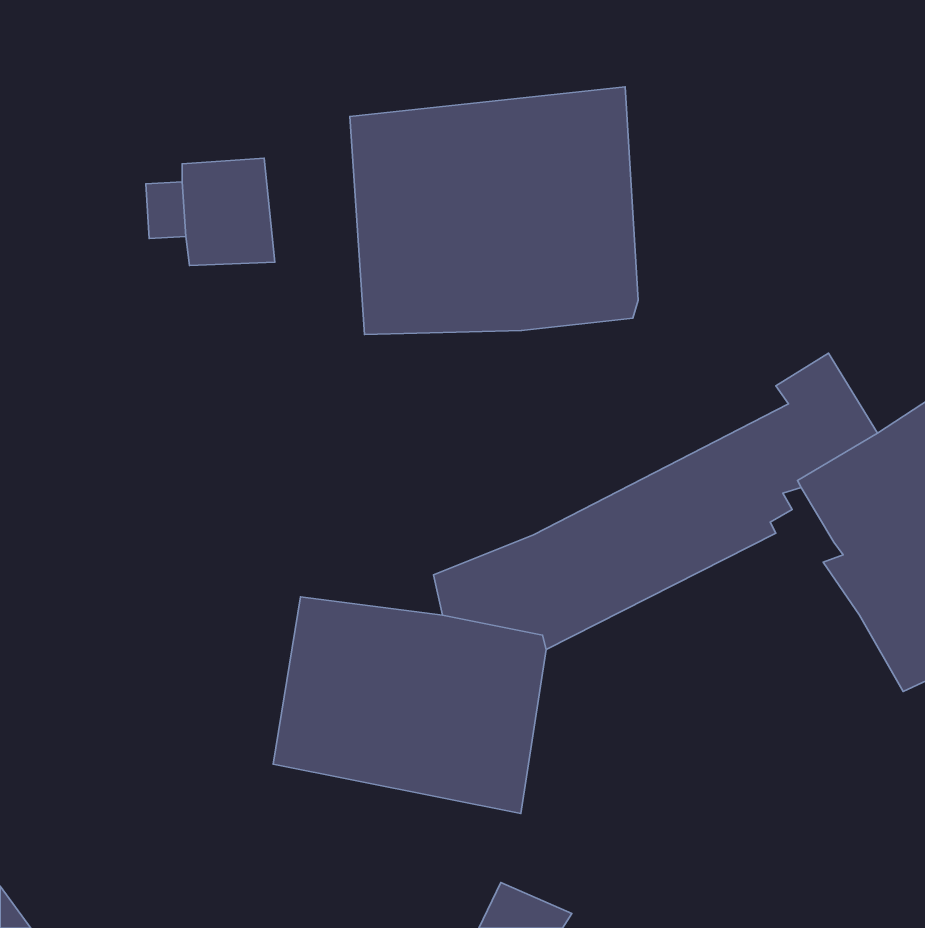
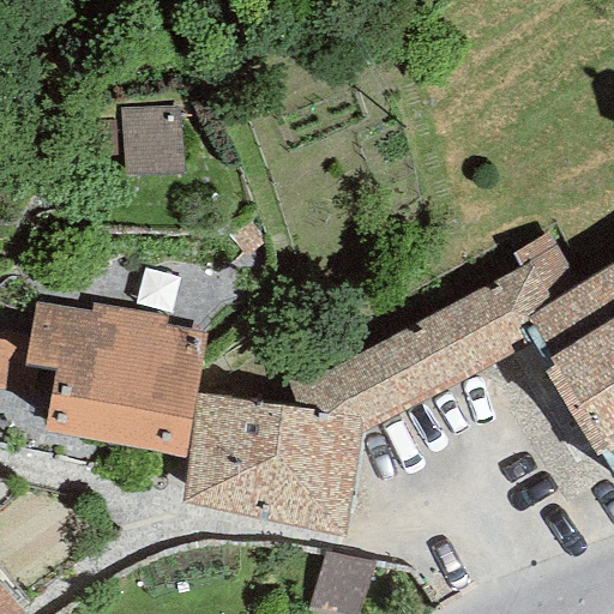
building: [350,87,638,335] -> none
building: none -> [25,302,207,457]

